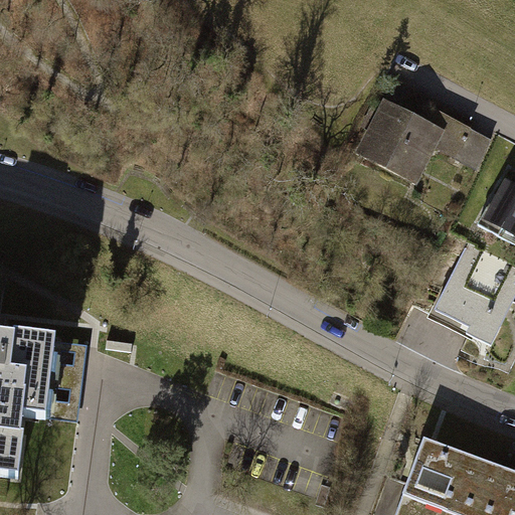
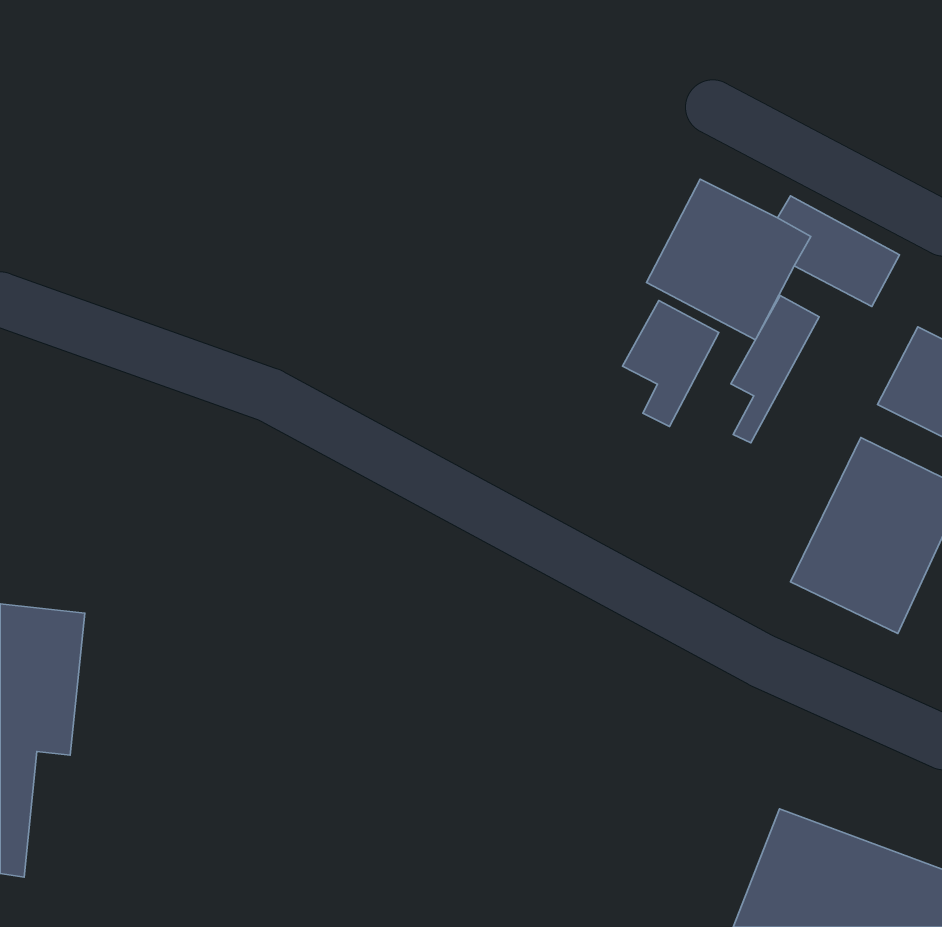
building: none -> [731,295,819,443]
building: none -> [623,301,719,426]

